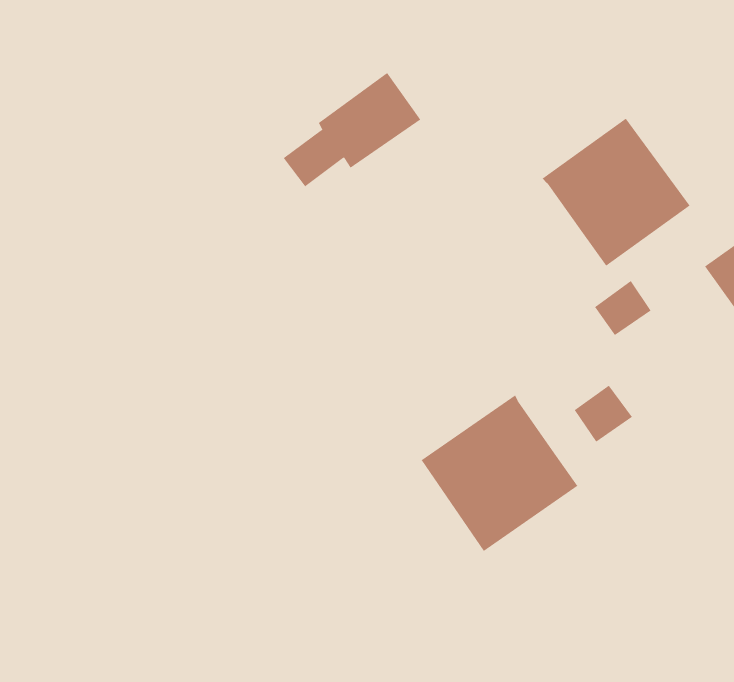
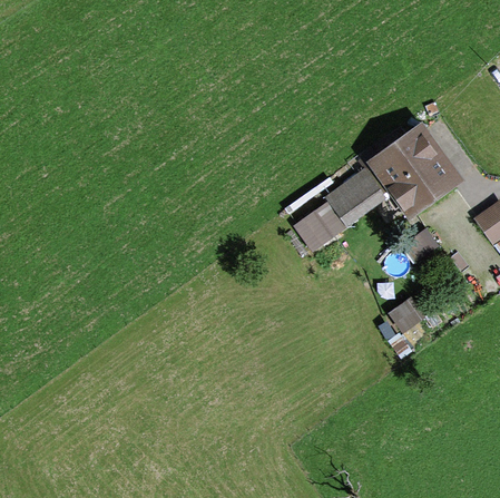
building: [283,72,421,187] -> [300,165,391,241]
building: [421,394,578,552] -> none

